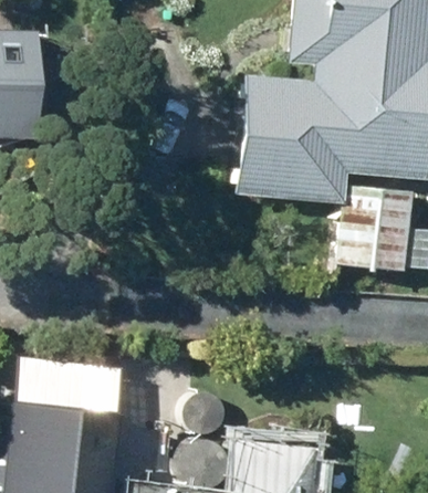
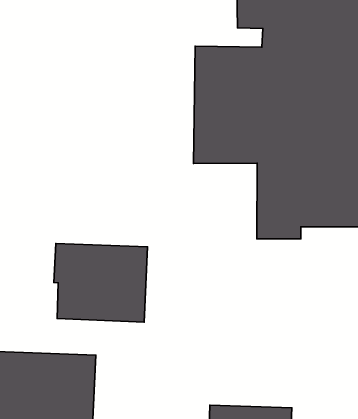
building: none -> [54,244,147,322]

